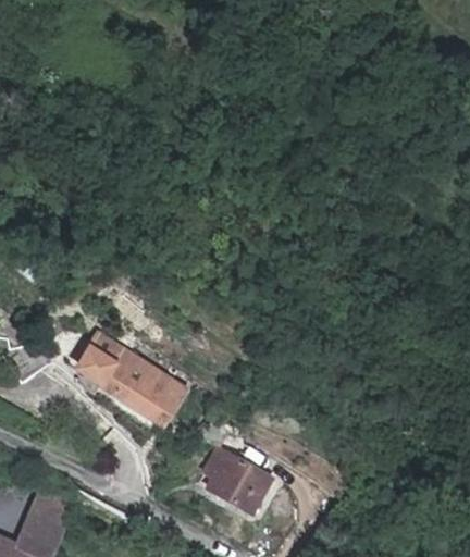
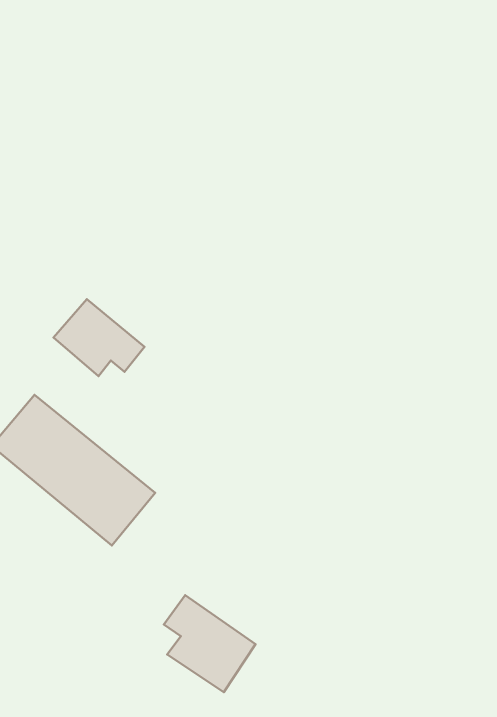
building: none -> [54,299,145,376]

